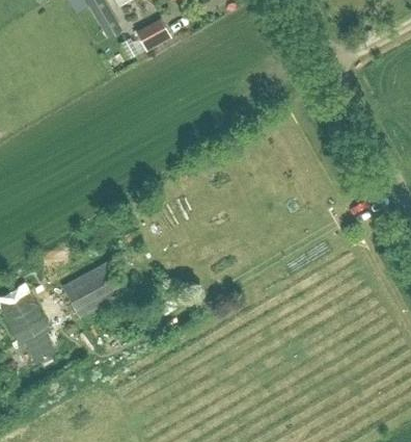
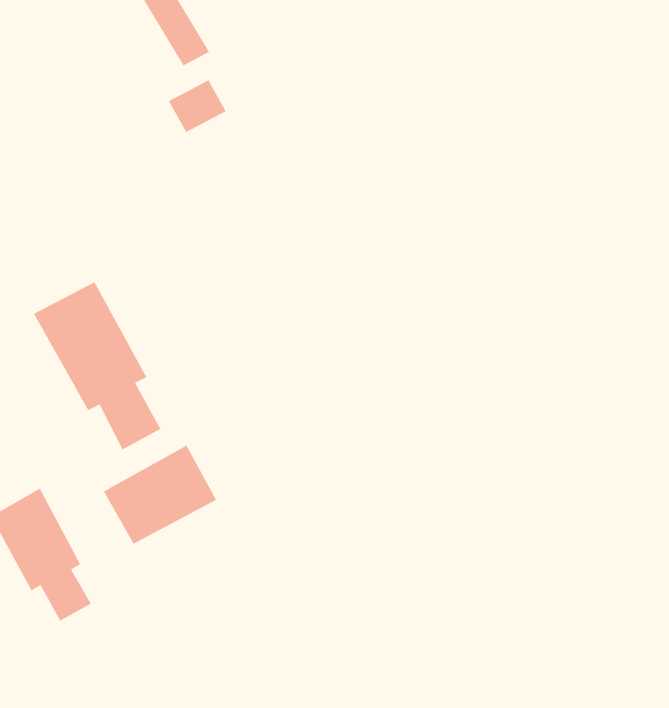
building: [137,21,171,52] -> [168,79,227,133]
building: none -> [33,281,161,450]

